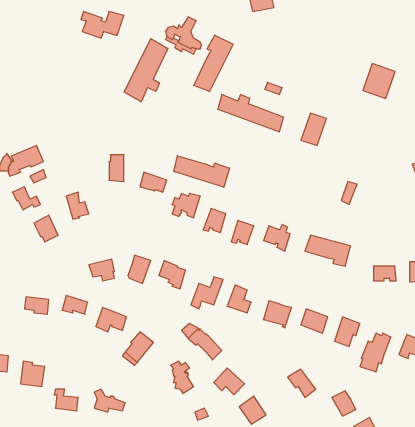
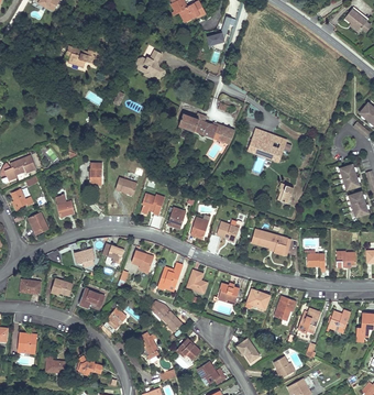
building: [194,35,233,92] -> none
building: [124,39,168,102] -> none
building: [363,64,395,98] -> [261,133,287,162]
building: [174,156,230,187] -> none

